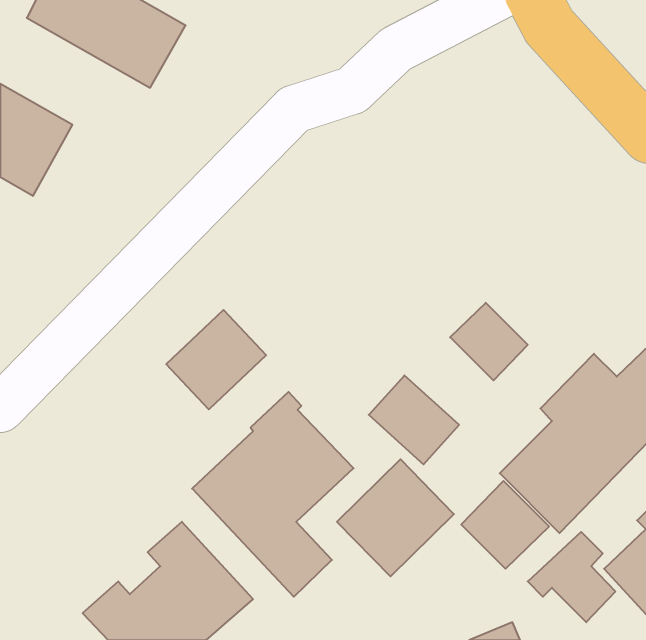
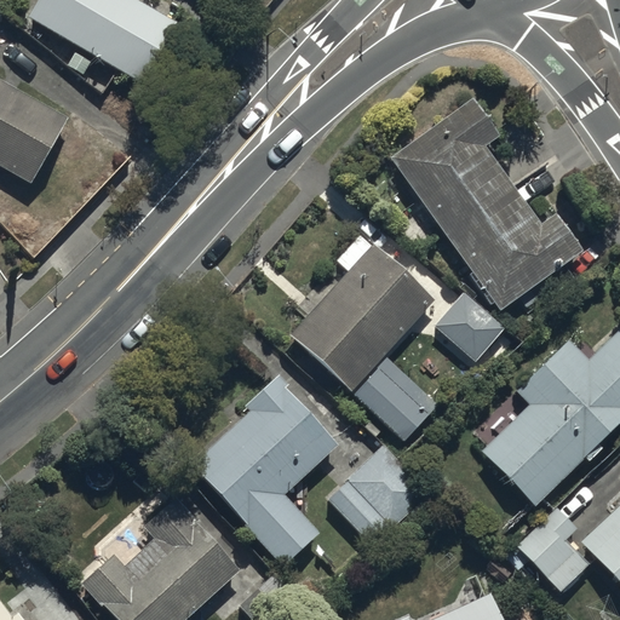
building: none -> [389,97,585,311]
building: none -> [288,242,437,394]
building: [166,310,266,409] -> none
building: [461,481,549,569] -> none

